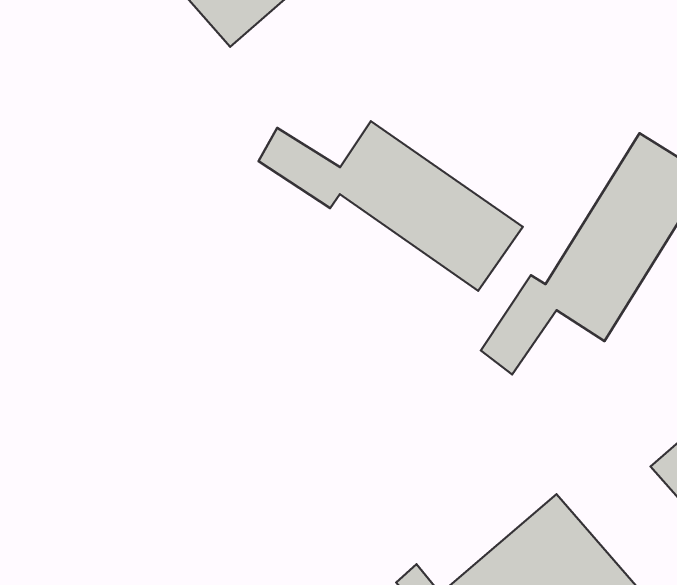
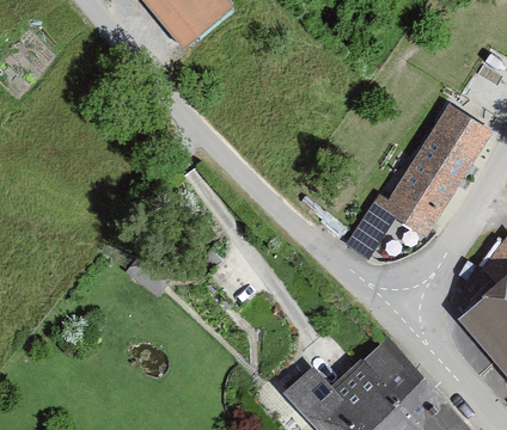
building: [259,121,523,291] -> none

